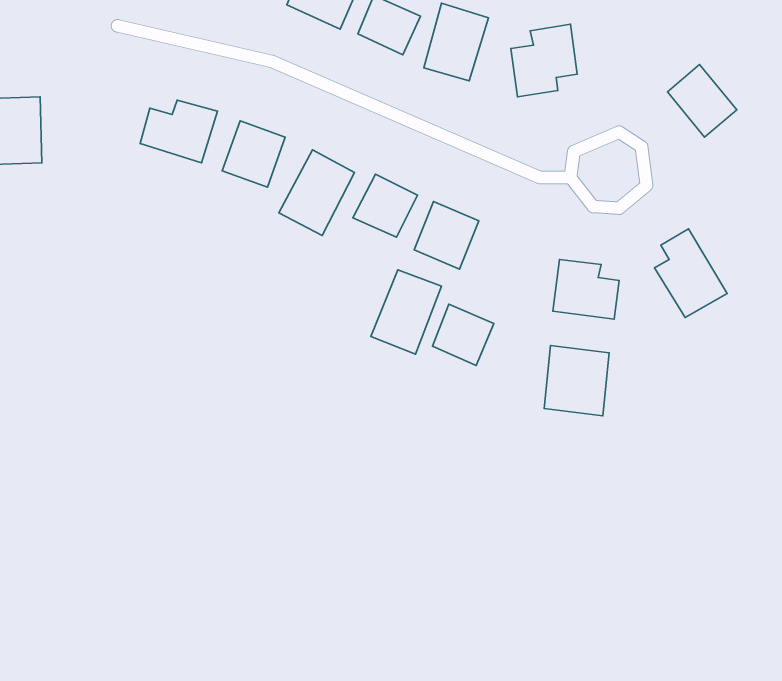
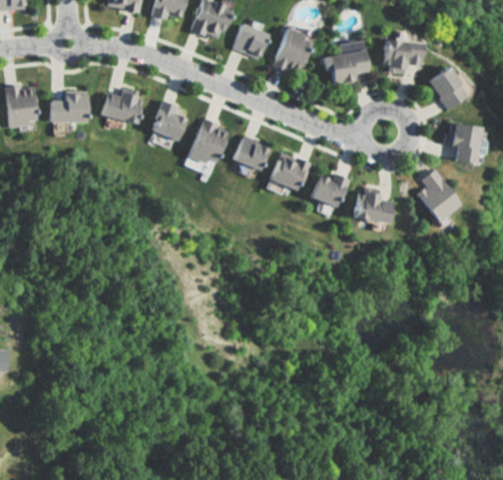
building: none -> [383,36,422,72]
building: none -> [47,73,87,123]
building: none -> [447,124,481,162]
building: [371,270,441,354] -> none
building: [433,304,494,365] -> [310,170,348,208]
building: [544,346,609,416] -> none

